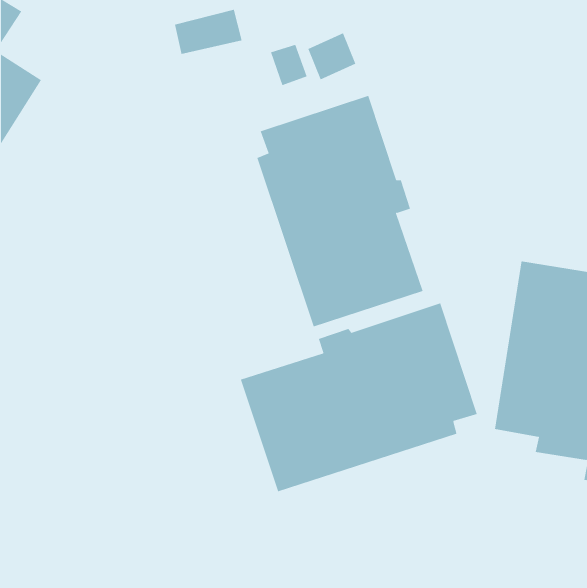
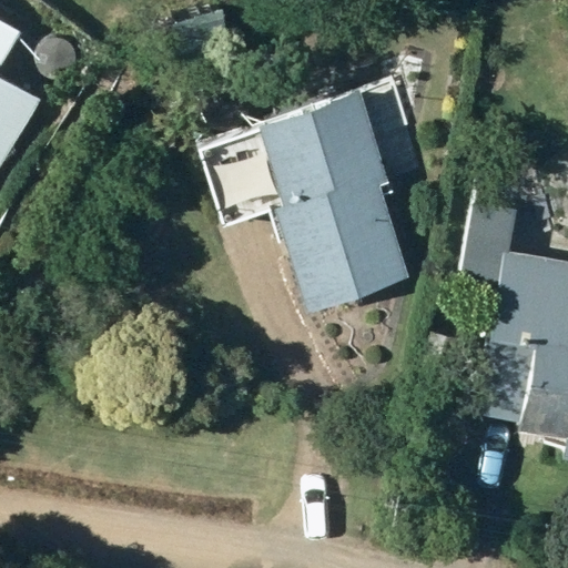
building: [240,302,478,492] -> none

